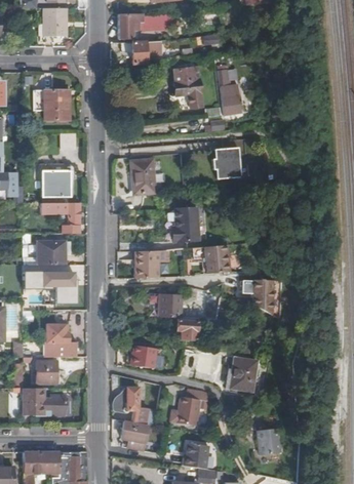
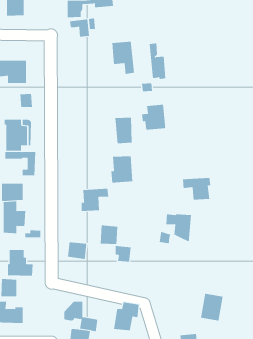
building: [131,160,154,193] -> [114,117,133,144]
building: [192,244,228,272] -> [182,178,211,200]
building: [131,347,156,368] -> [67,242,87,259]
building: [229,357,258,392] -> [200,293,223,321]

